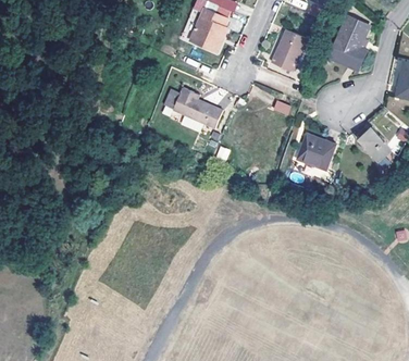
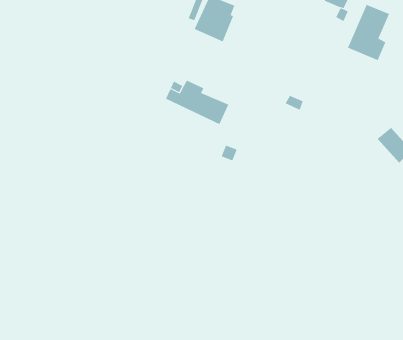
building: [270,29,308,73] -> none
building: [297,136,335,173] -> none

